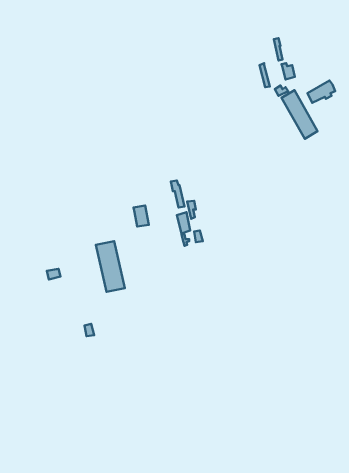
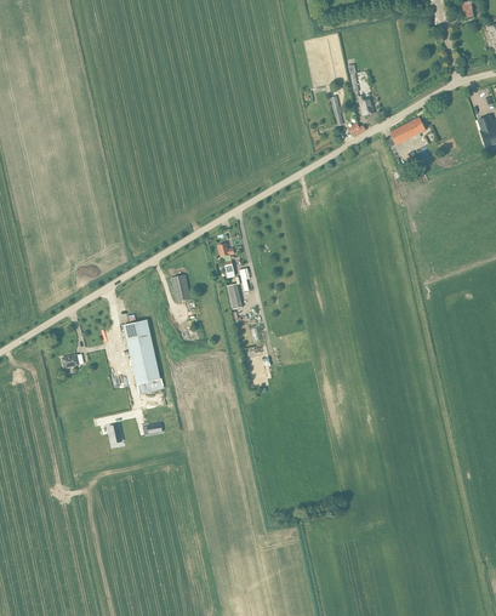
building: [282,90,318,139] -> none

